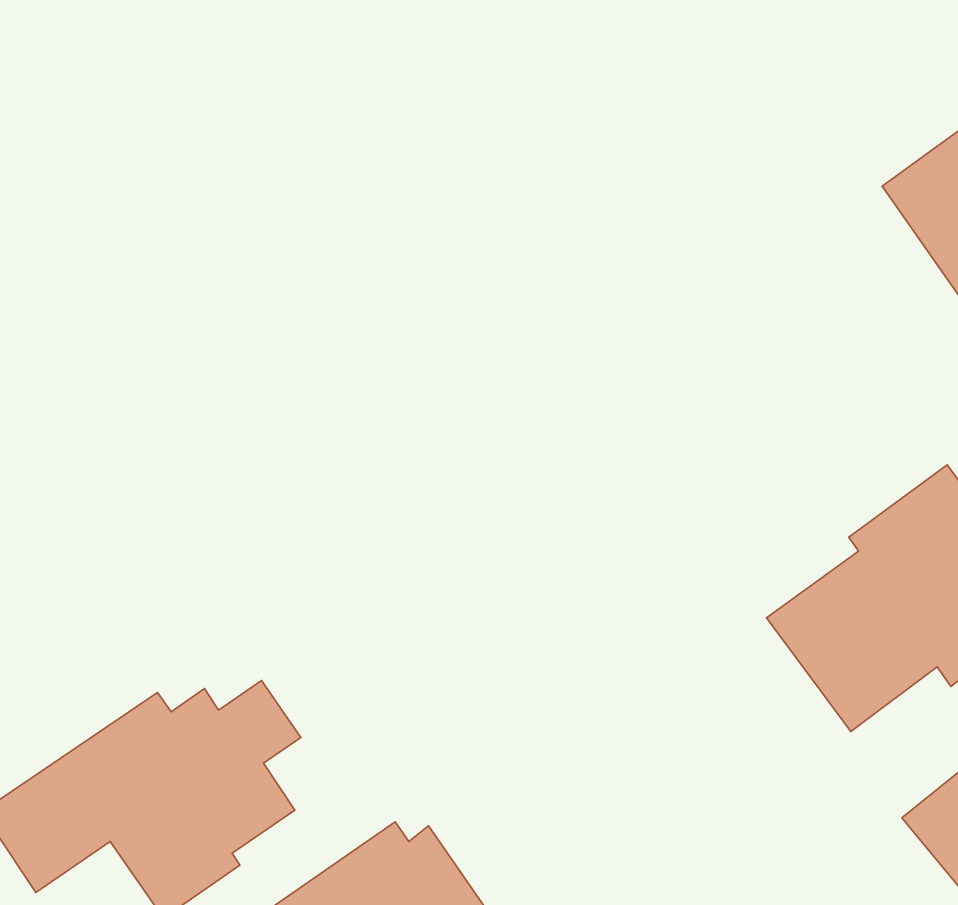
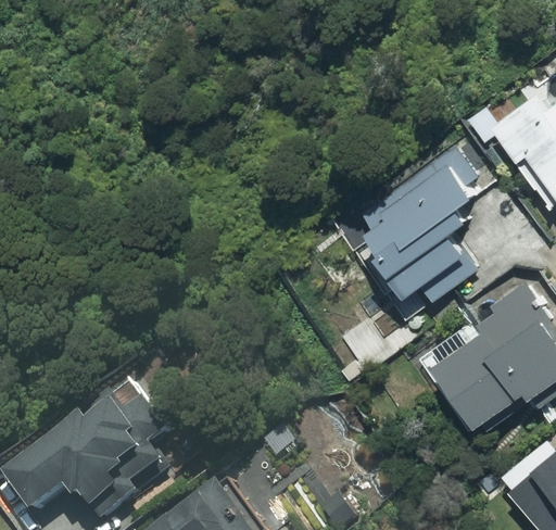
building: none -> [358,140,483,298]

